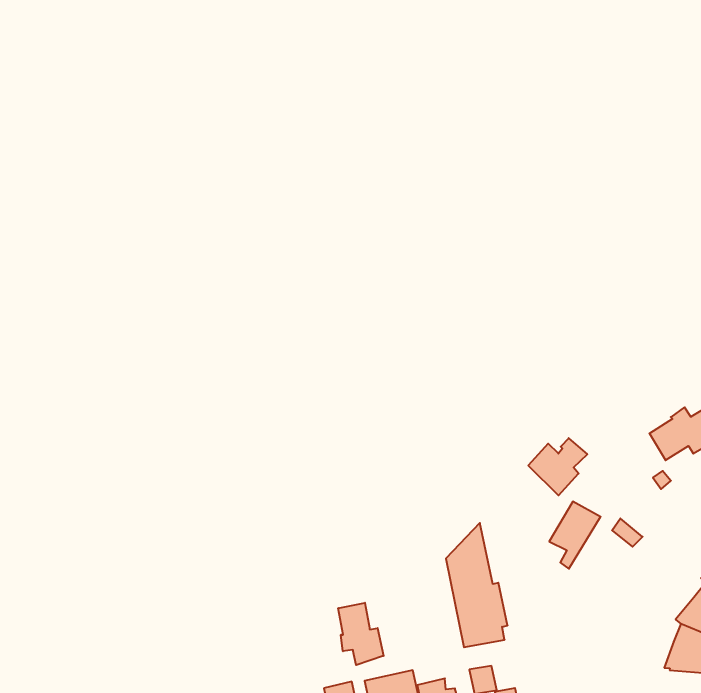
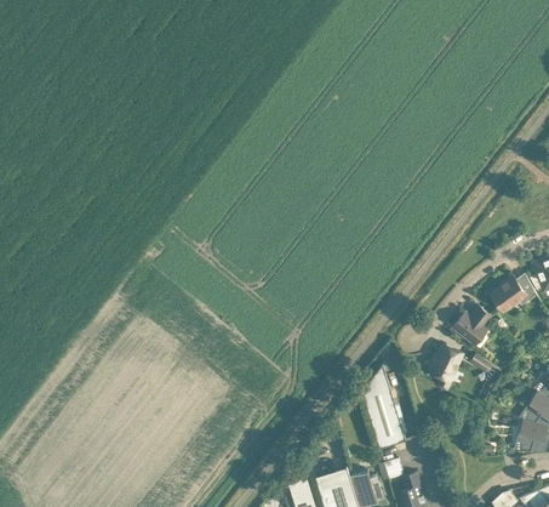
building: [528,438,587,495] -> [453,308,492,347]
building: [338,603,384,665] -> none

